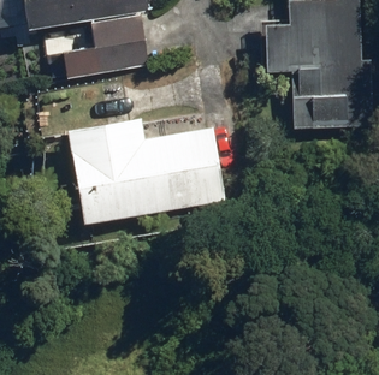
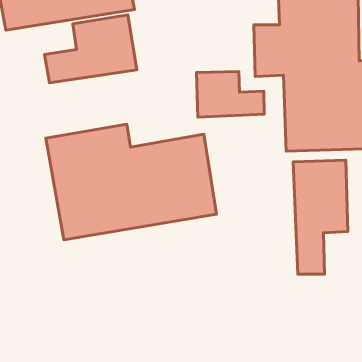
building: none -> [197,71,264,117]
building: none -> [293,160,348,274]

